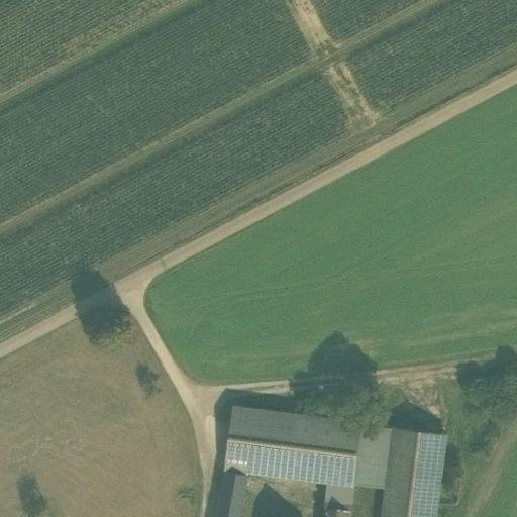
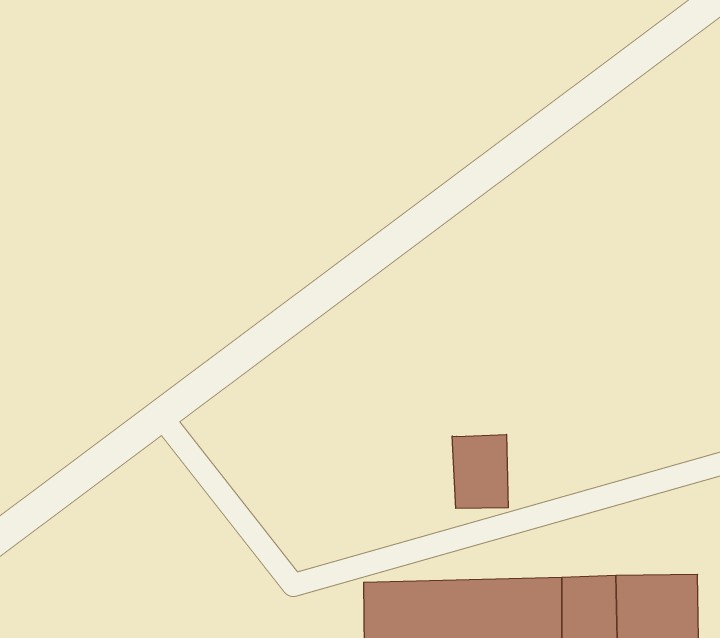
building: none -> [452,434,508,508]

